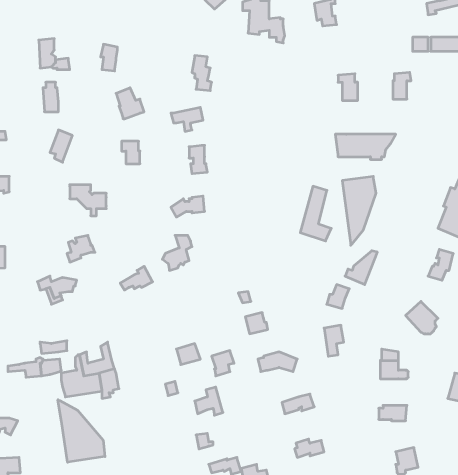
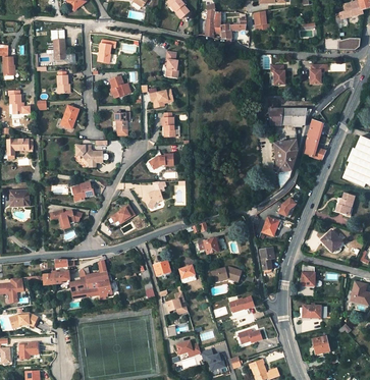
building: [300,186,331,241] -> [303,119,325,159]
building: [58,400,105,462] -> none

